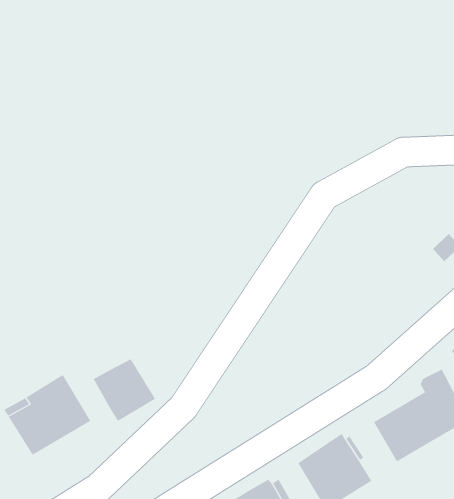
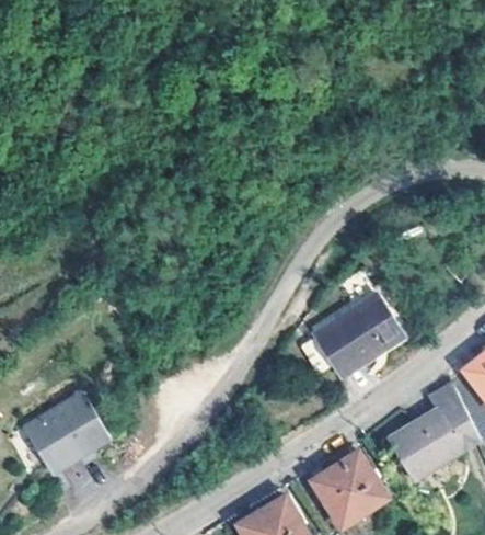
building: none -> [314,292,404,374]
building: [93,358,156,422] -> none

